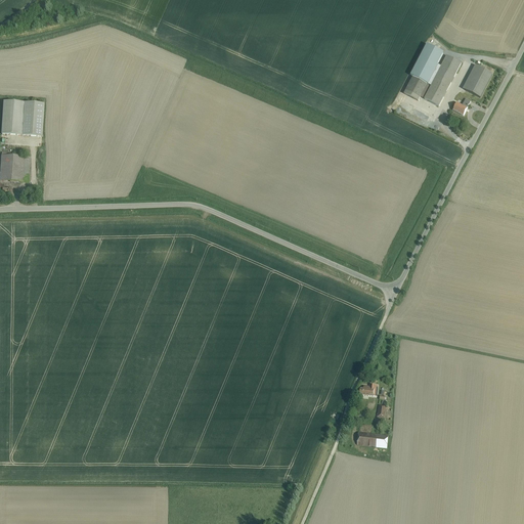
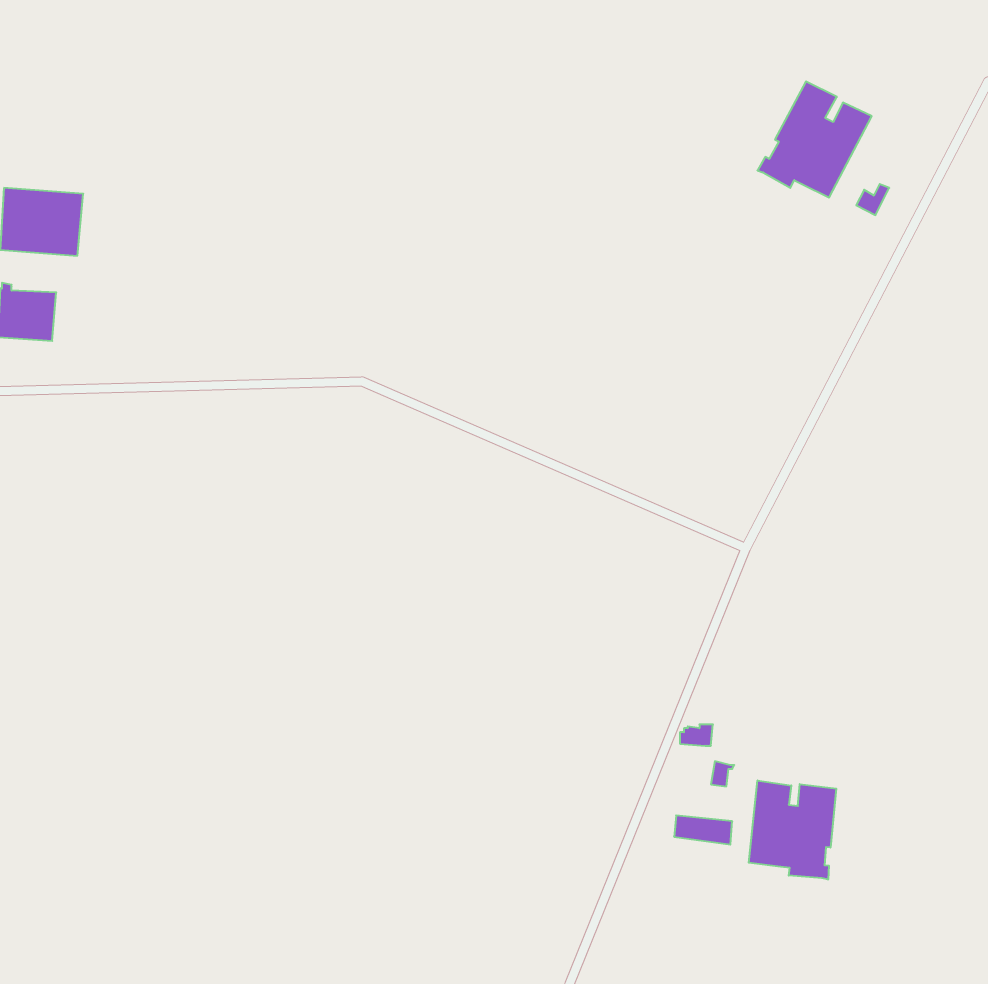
building: [462,63,491,96] -> none
building: none -> [749,780,836,880]

